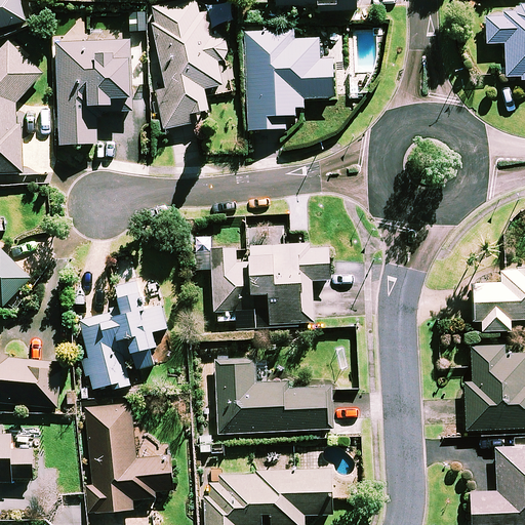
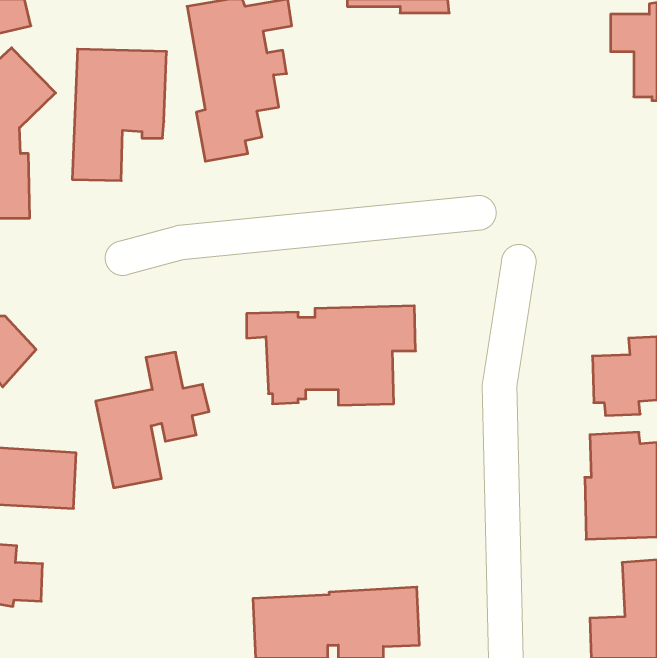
building: [244,30,334,128] -> none
building: [216,360,332,433] -> none
building: [86,403,173,510] -> none

